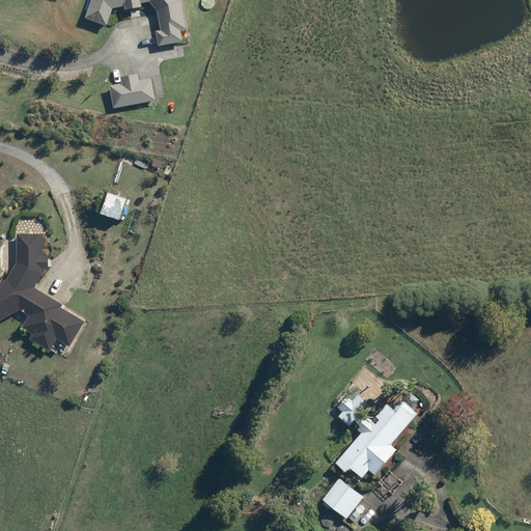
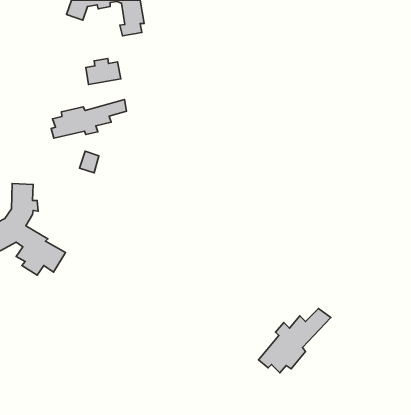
building: none -> [51,99,126,138]
building: [318,474,361,516] -> none

